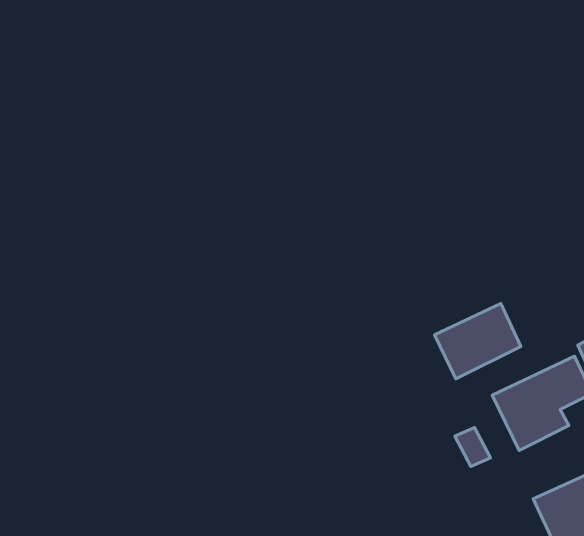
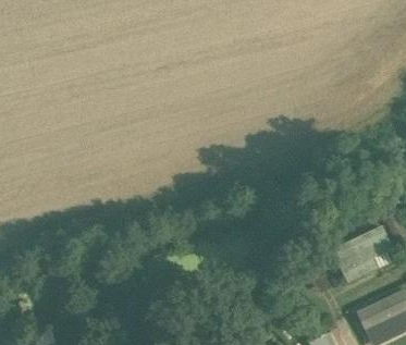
building: [434,303,521,379] -> none

